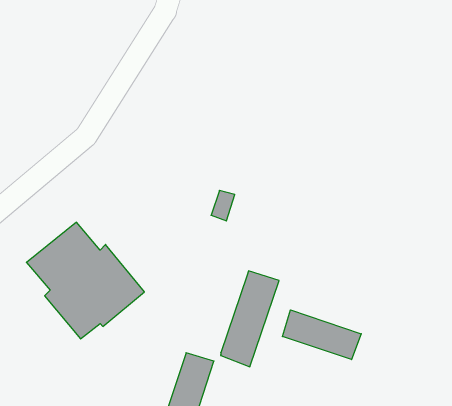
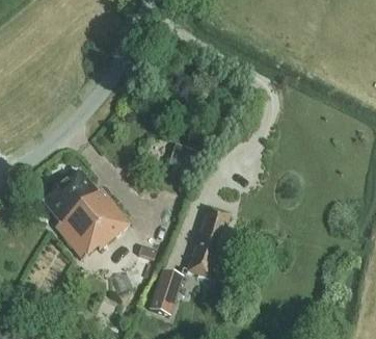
building: [282,310,361,360] -> none

